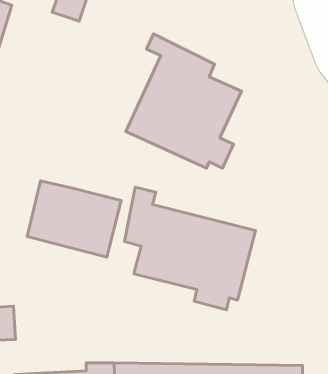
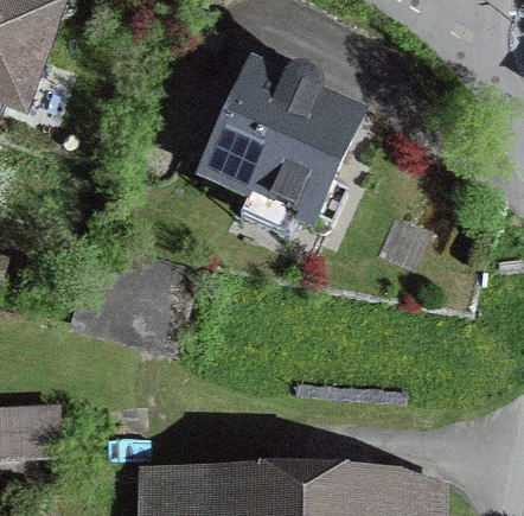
building: [125,187,255,310] -> none

